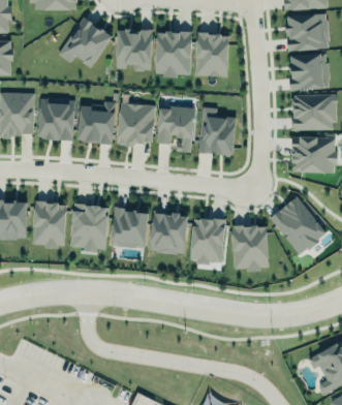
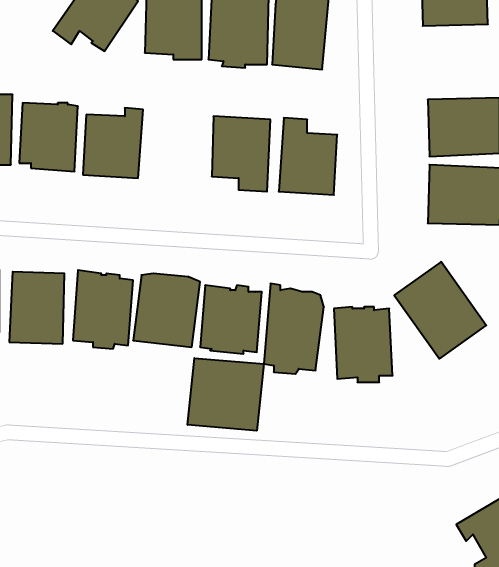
building: [285,50,325,90] -> none
building: [117,103,154,146] -> none
building: none -> [188,358,264,431]

